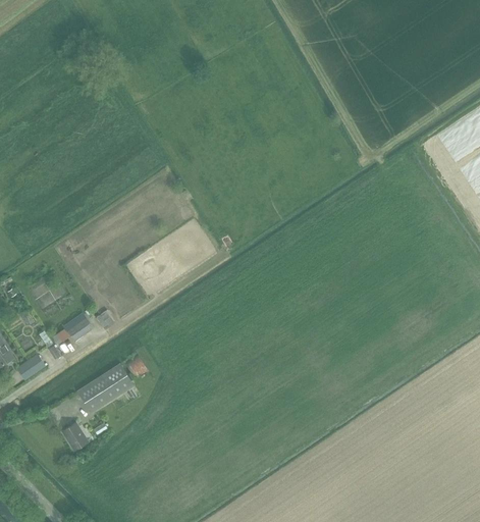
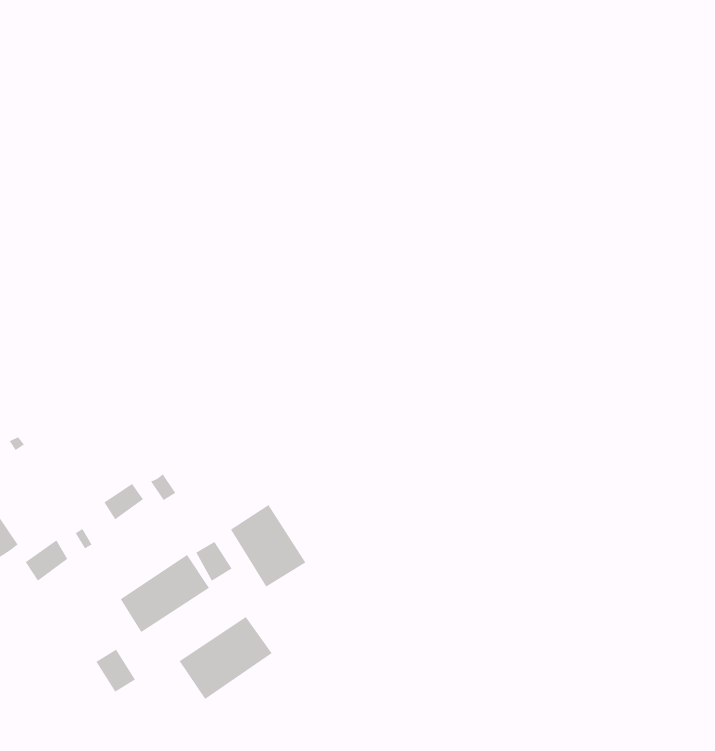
building: none -> [230,504,306,588]
building: none -> [179,616,273,700]

